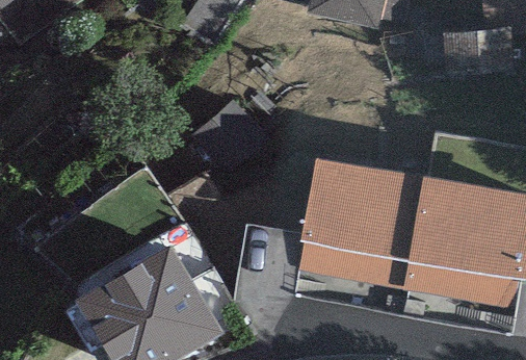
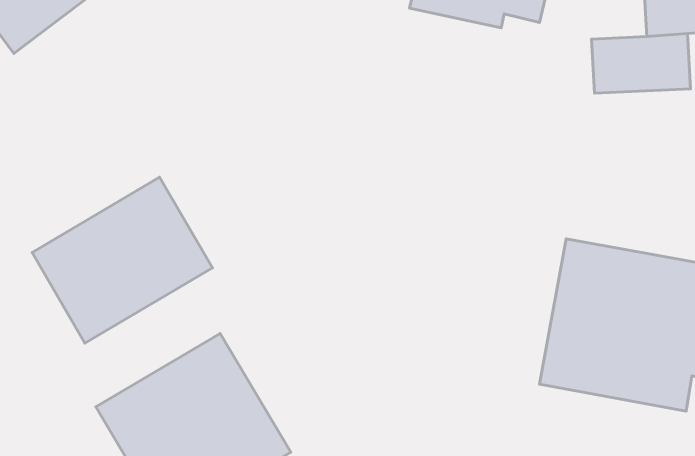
building: none -> [32,177,212,343]
building: [299,158,424,286] -> none

